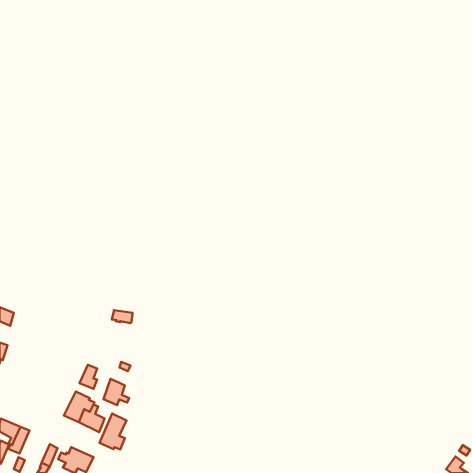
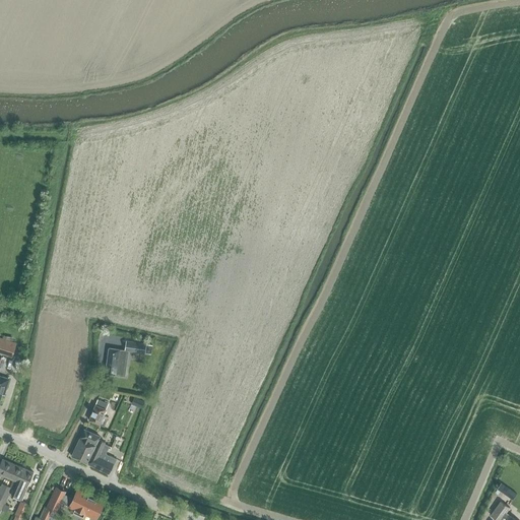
building: none -> [105,348,128,376]
building: [103,379,129,405] -> none
building: [100,413,127,449] -> none

